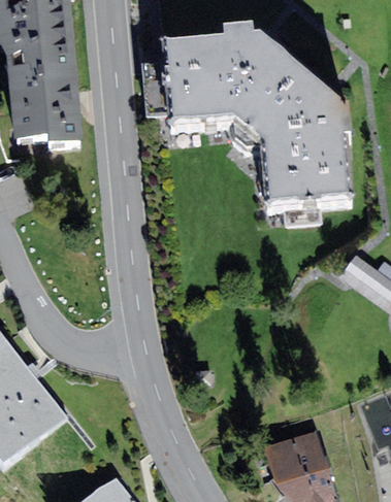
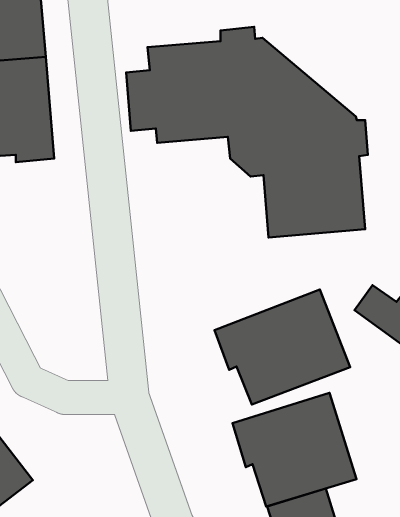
building: none -> [215,290,350,404]
building: none -> [233,393,357,506]

